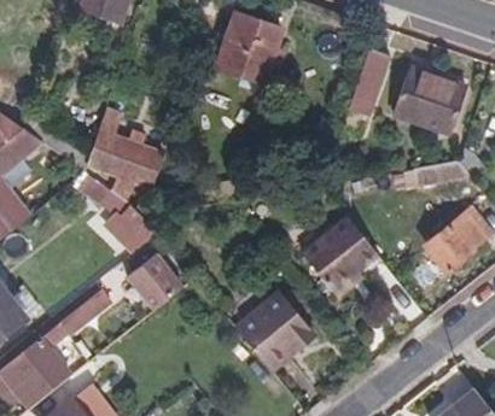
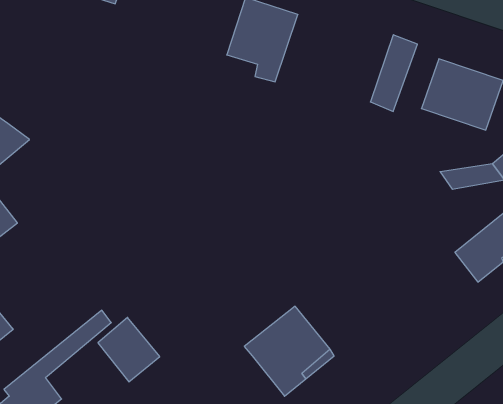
building: [86,107,163,191] -> none
building: [104,200,159,254] -> none
building: [298,216,380,305] -> none
building: [126,248,181,306] -> [98,317,160,382]

